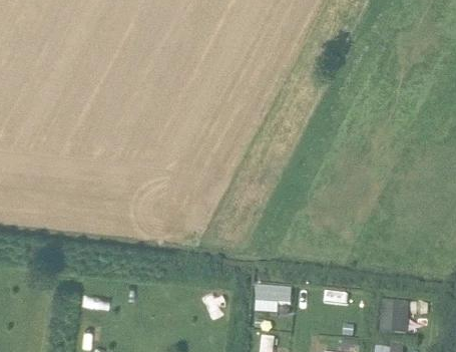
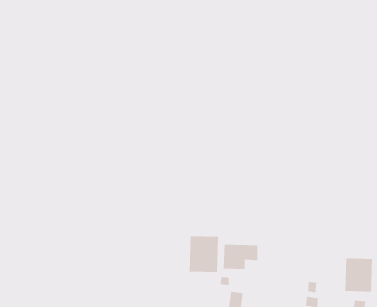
building: none -> [189,235,218,273]

